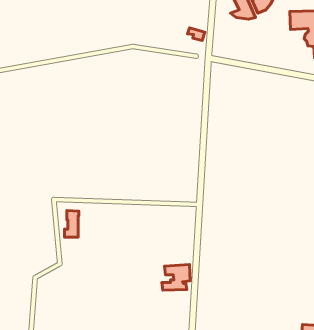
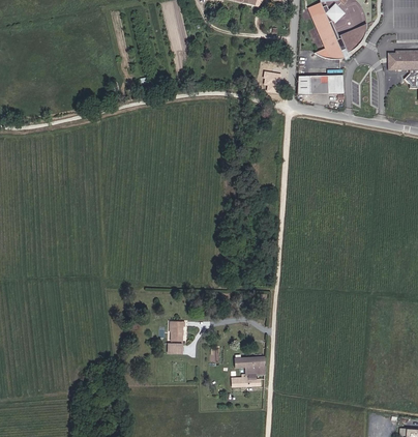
building: none -> [296,74,345,93]
building: [64,210,79,237] -> [168,320,185,352]

